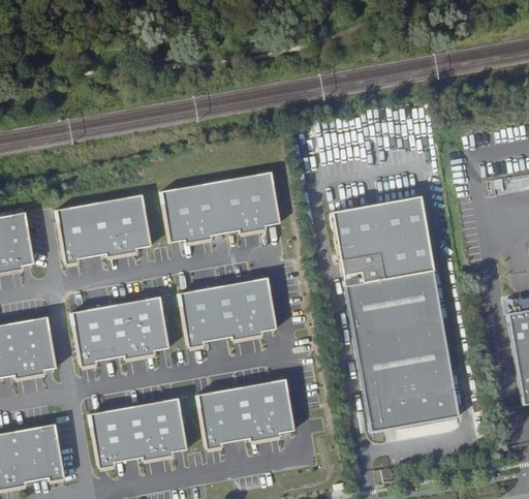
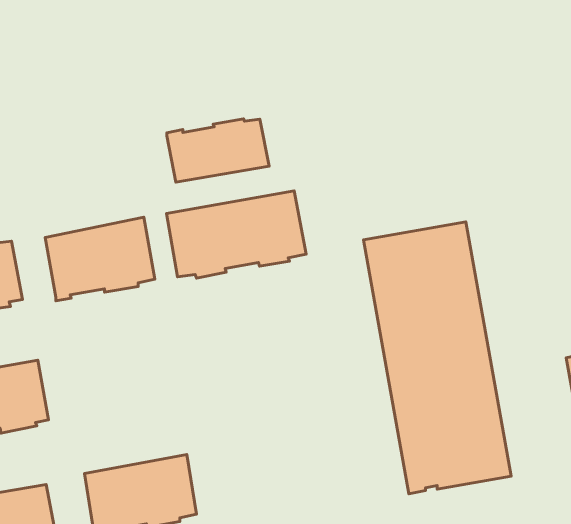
building: none -> [167,119,269,182]
building: [180,276,278,346] -> none
building: [71,295,169,366] -> none
building: [197,378,295,448] -> none

